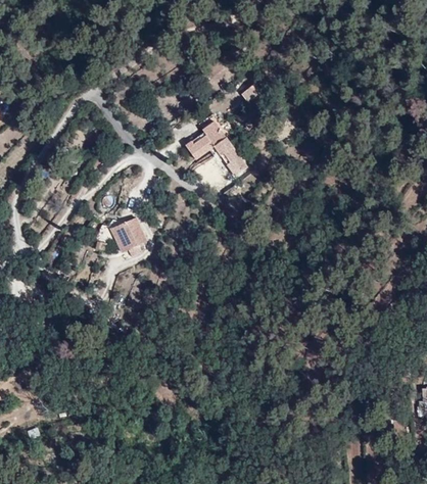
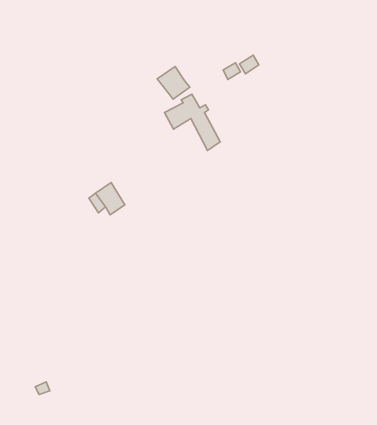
building: none -> [157,66,190,99]

